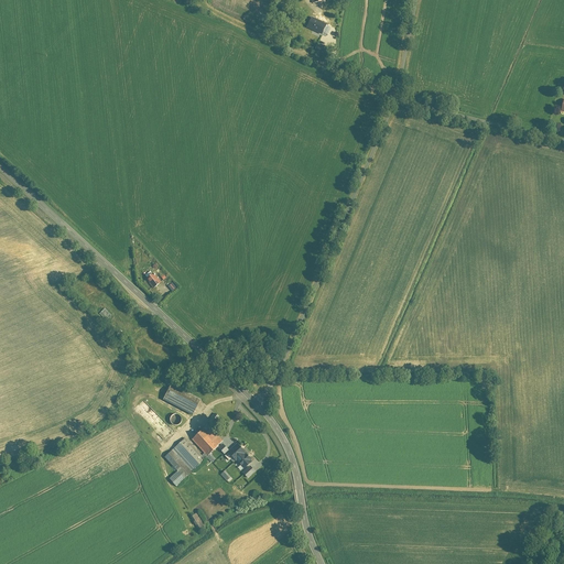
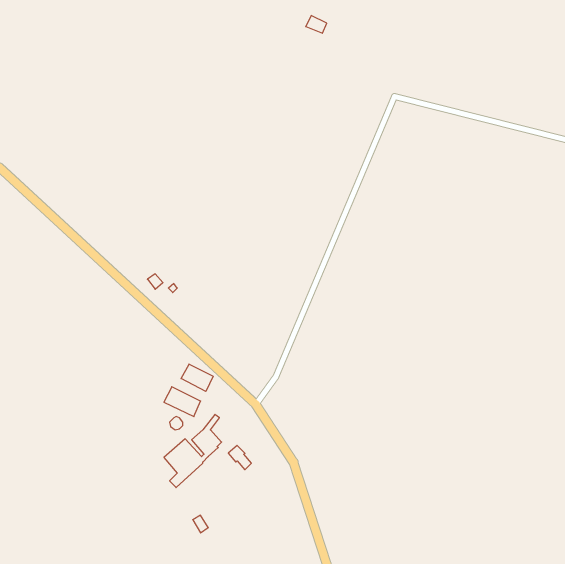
building: none -> [181,364,213,391]

